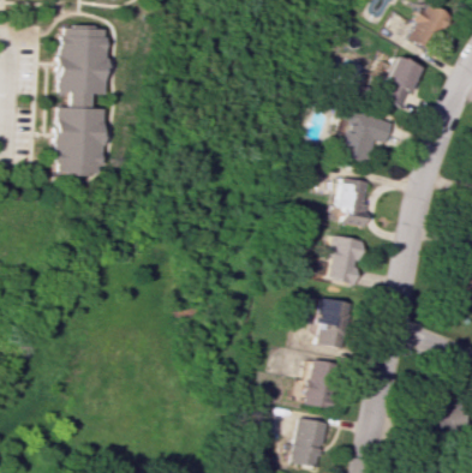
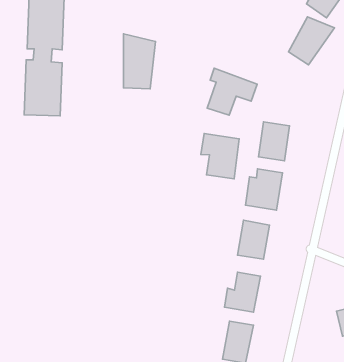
building: none -> [123,34,156,89]
building: [345,107,405,163] -> [207,68,257,115]
building: none -> [201,134,239,179]

